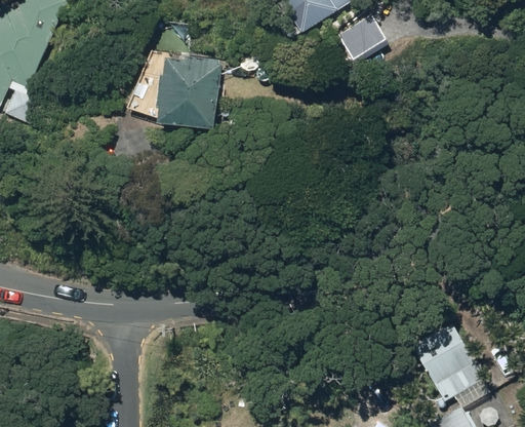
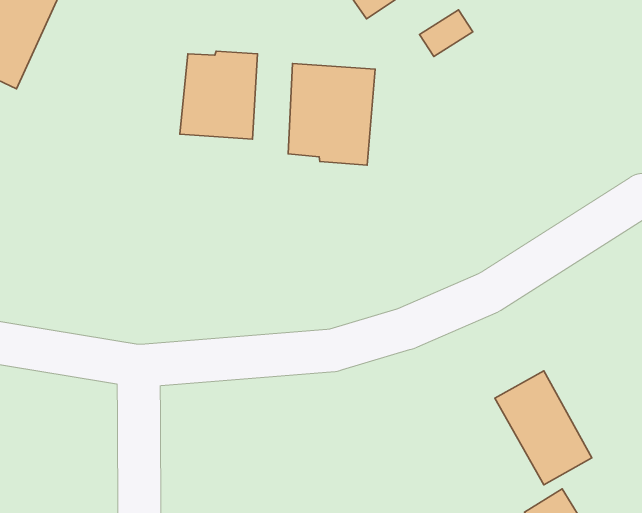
building: none -> [288,63,375,165]

